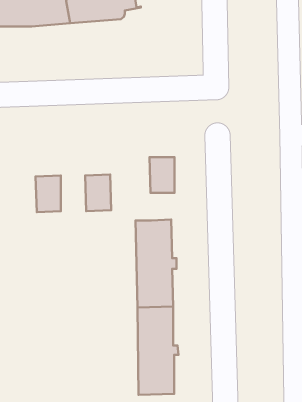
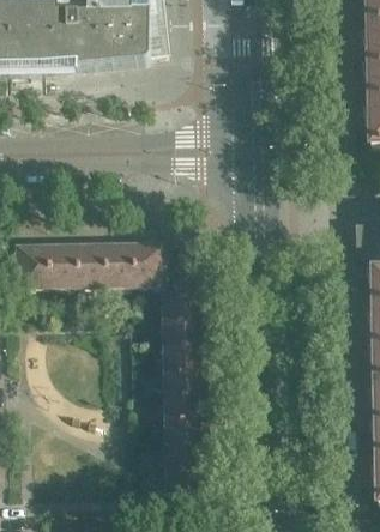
building: [149,157,175,193] -> [132,237,161,278]
building: none -> [76,238,104,279]
building: none -> [16,240,48,280]

